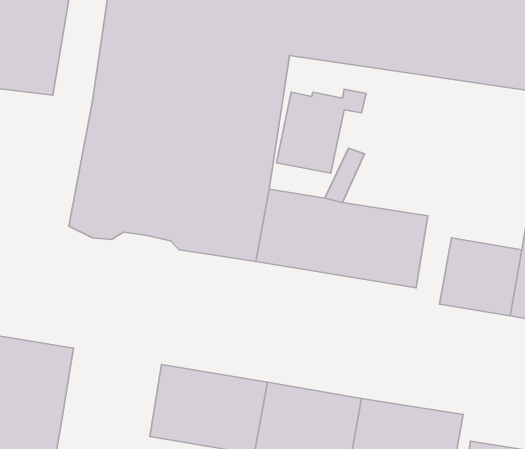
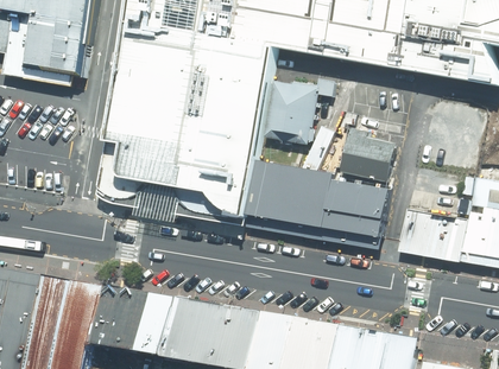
building: none -> [340,121,399,179]
building: none -> [94,286,175,357]

